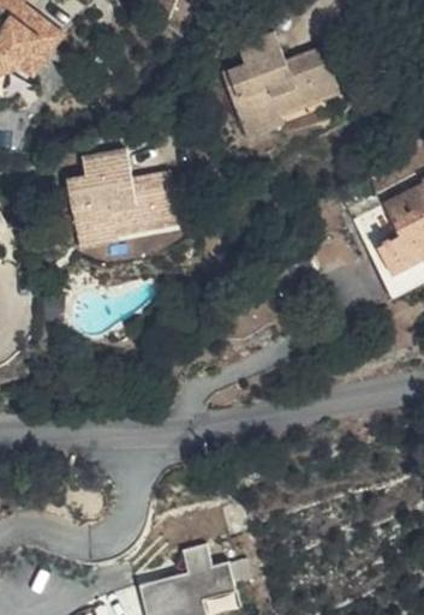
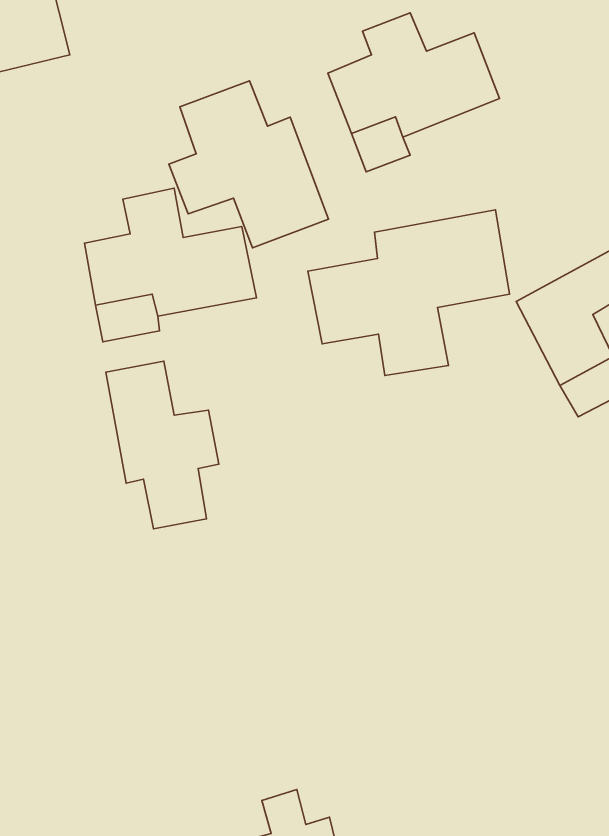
building: none -> [169,81,328,248]
building: none -> [308,210,509,376]
building: none -> [106,361,219,529]

